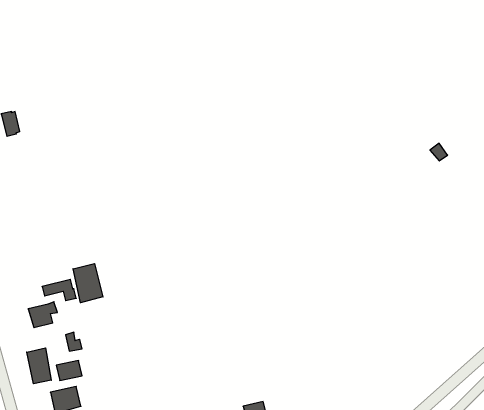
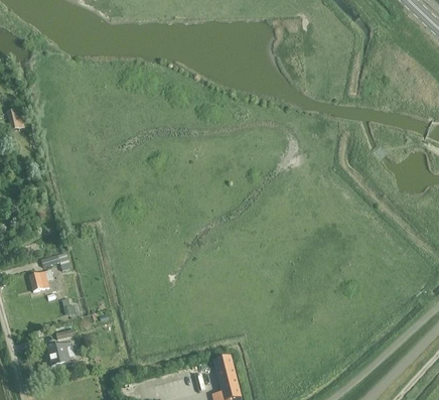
building: [73,264,103,303] -> none
building: [27,348,51,384] -> none

